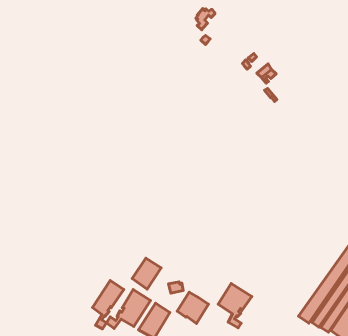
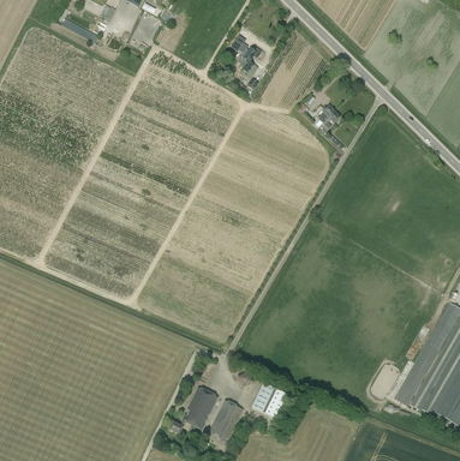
building: [132,258,161,289] -> none
building: [93,280,124,329] -> none
building: [218,283,252,328] -> none

